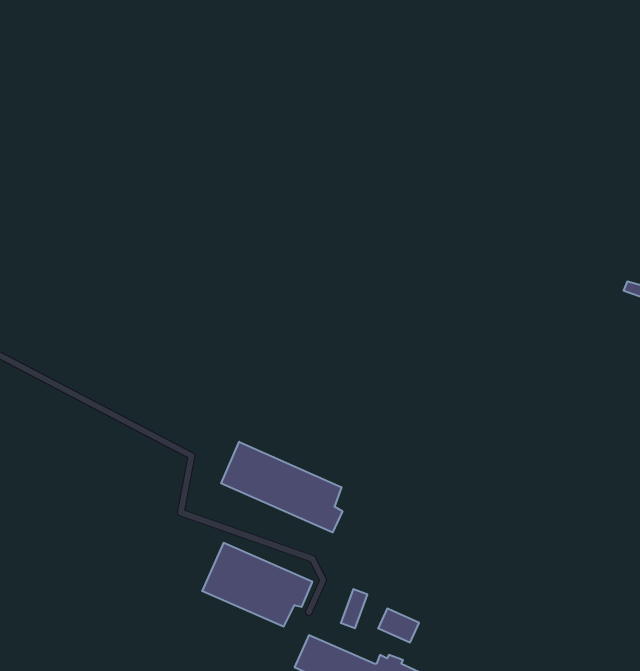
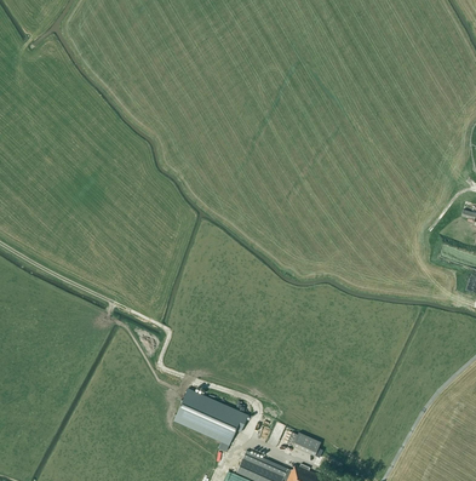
building: [221,442,342,532] -> none

